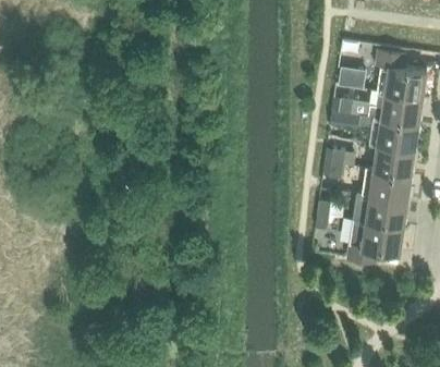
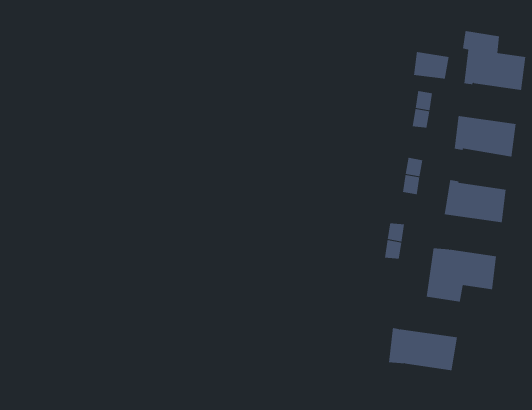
building: [368,91,423,123] -> none
building: [374,143,415,174] -> none
building: [353,193,407,227] -> [388,328,458,371]

